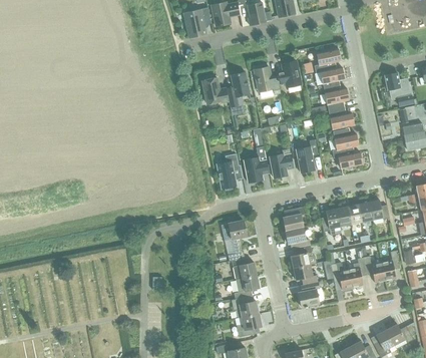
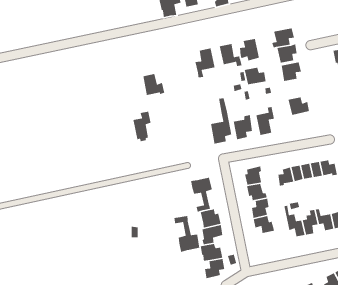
building: [202,77,229,103] -> [143,73,165,96]
building: [328,107,354,128] -> [244,67,267,85]
building: [332,145,362,167] -> none
building: [217,153,239,190] -> [132,111,152,142]
building: none -> [173,215,200,253]
building: [298,281,324,307] -> none

